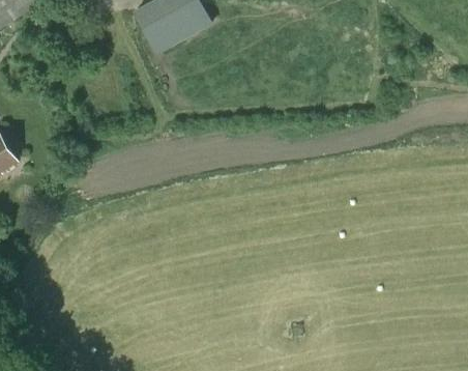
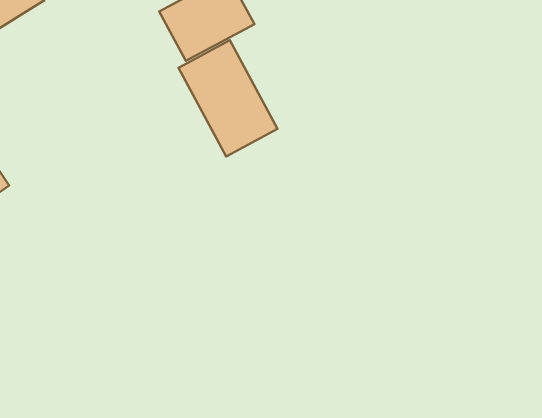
building: none -> [178,40,277,156]

